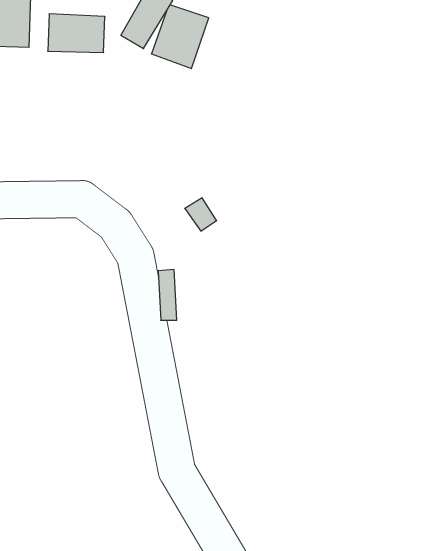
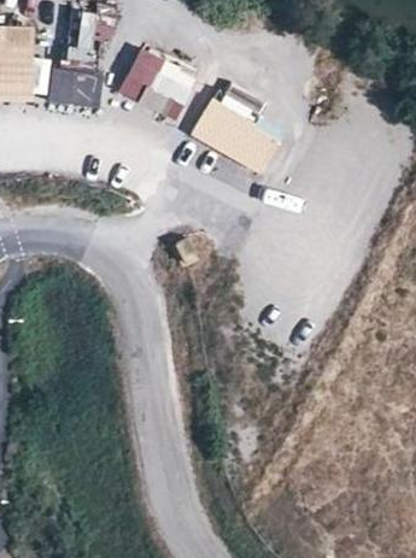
building: none -> [192,99,282,174]

